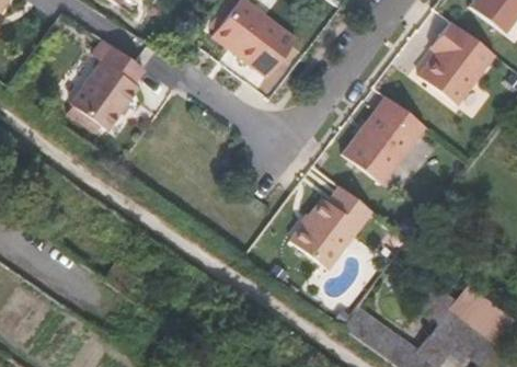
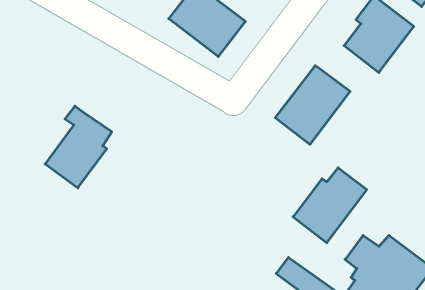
building: [70,39,143,129] -> [45,106,112,188]
building: [291,186,372,268] -> [293,168,367,243]

